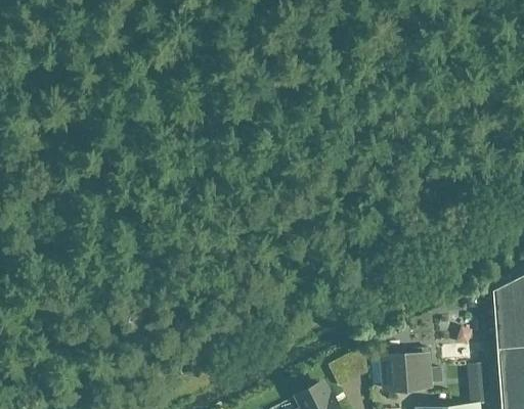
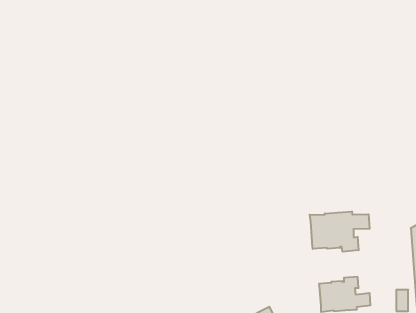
building: none -> [310,211,370,252]

